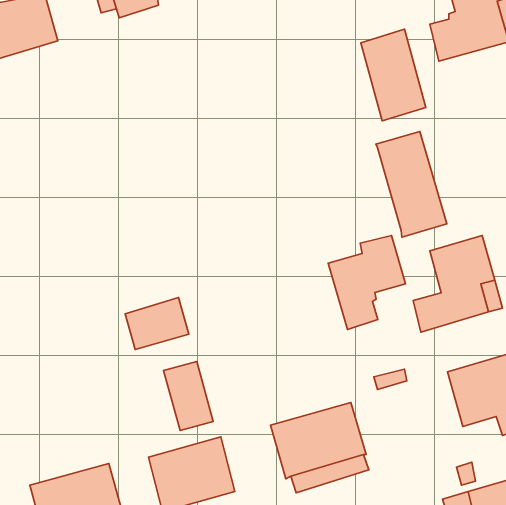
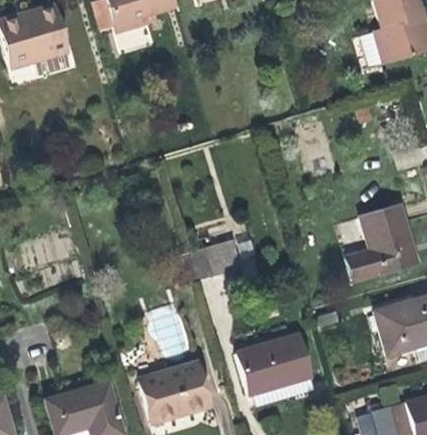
building: [361,29,426,121] -> none
building: [376,132,447,237] -> none
building: [328,235,406,329] -> none
building: [125,297,189,350] -> [190,239,241,280]

